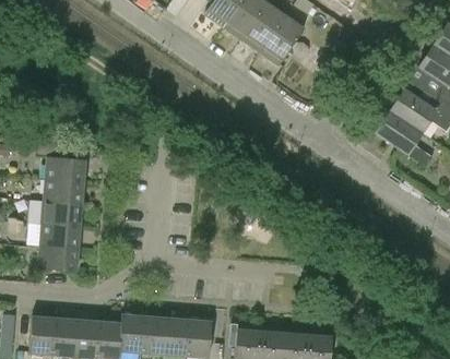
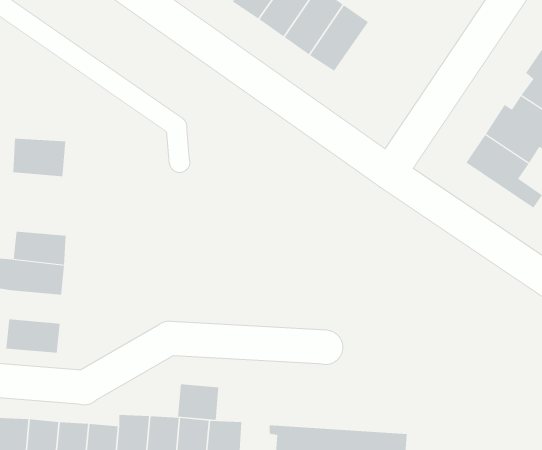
building: [45,156,84,184] -> [13,138,66,177]
building: [39,225,79,249] -> none
building: none -> [178,383,219,421]

